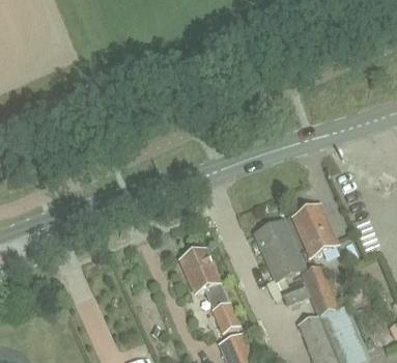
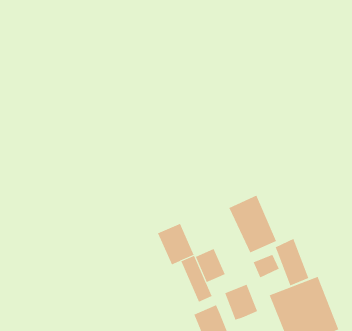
building: [292,202,337,255] -> none
building: none -> [195,248,225,283]
building: none -> [224,284,258,321]

